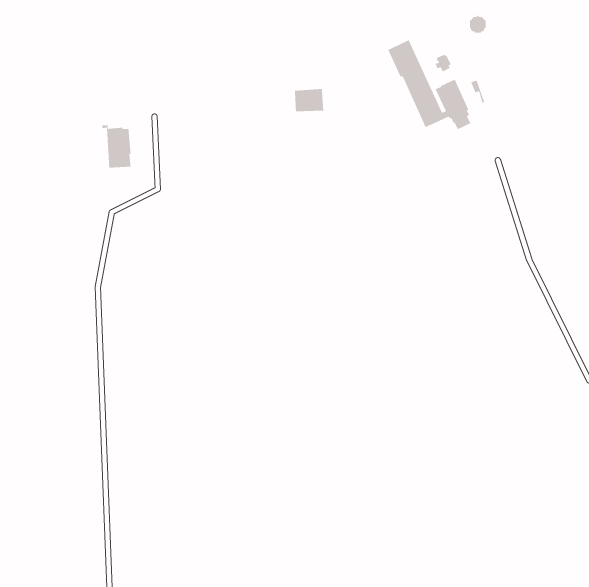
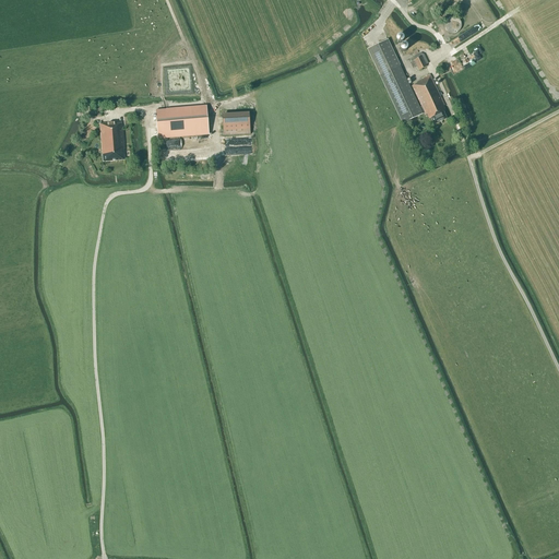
building: [294,88,324,112] -> [222,110,250,133]
building: none -> [156,105,209,136]

